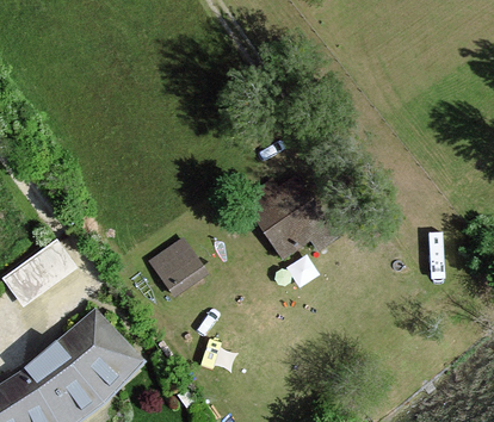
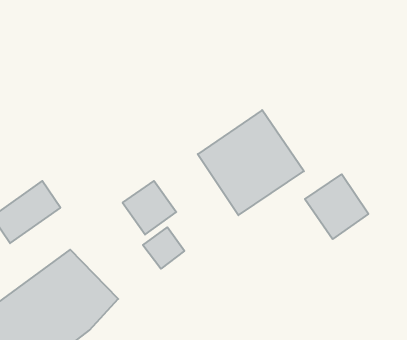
building: none -> [305,174,368,239]
building: none -> [143,227,184,269]

